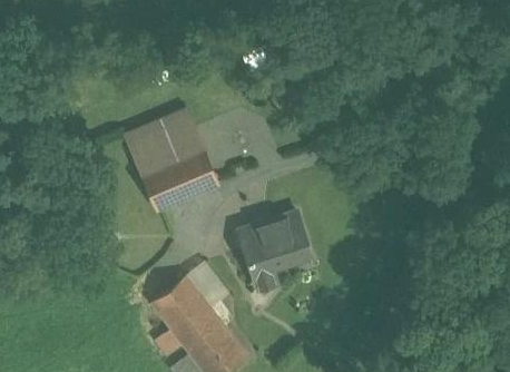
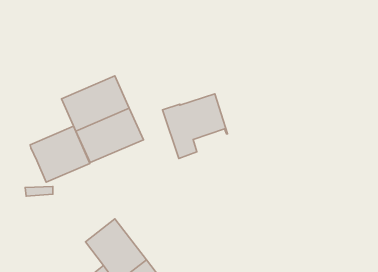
building: none -> [30,126,90,182]
building: [237,213,313,288] -> [163,94,227,159]

